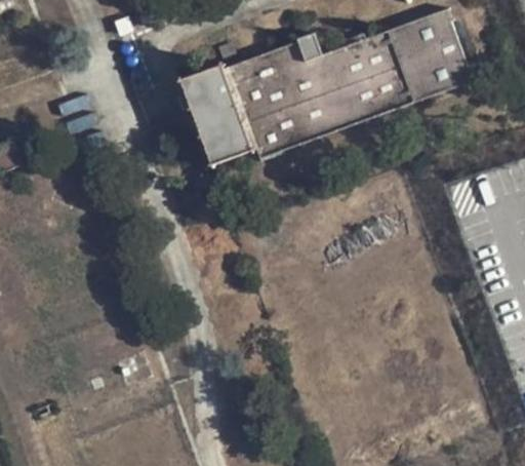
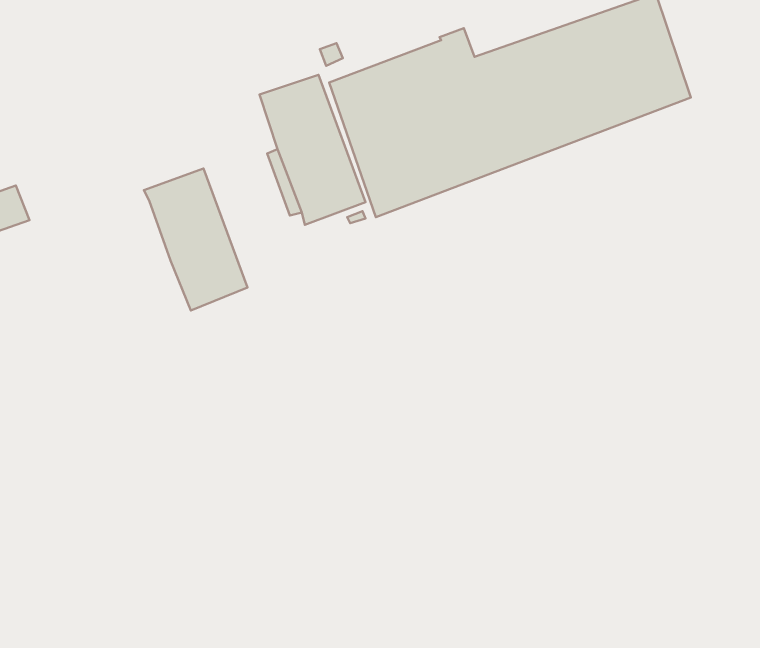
building: none -> [144,168,248,310]

